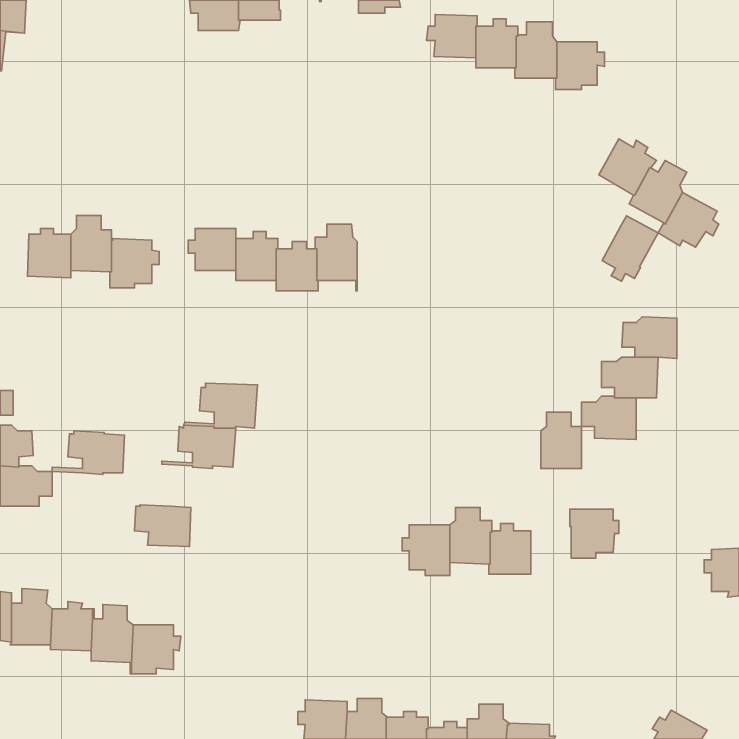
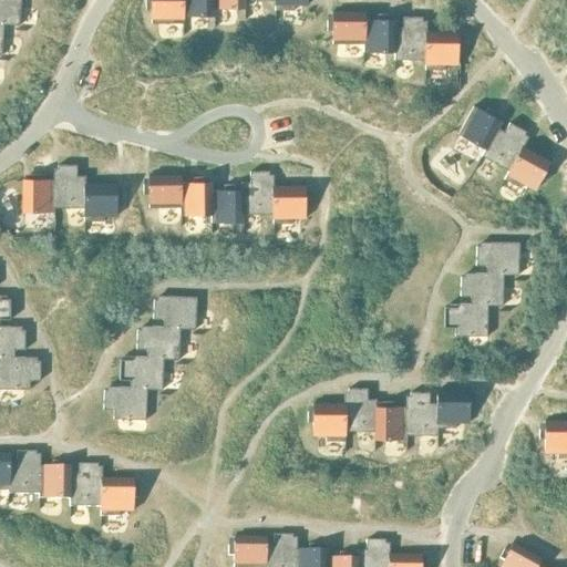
building: [602,216,658,281] -> none
building: none -> [274,185,310,223]
building: [541,412,581,469] -> [406,392,437,435]
building: [52,431,124,474] -> [107,355,163,389]

